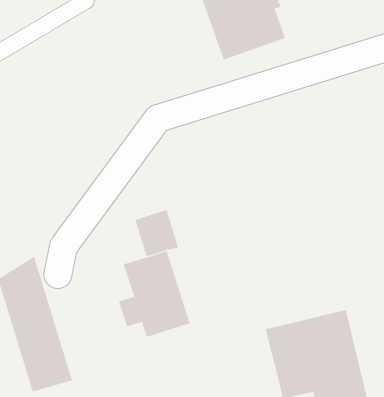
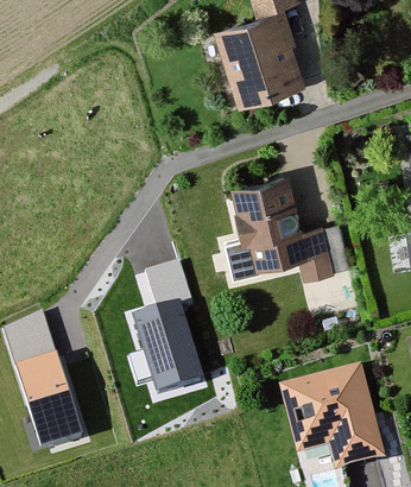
building: none -> [225,176,350,284]

